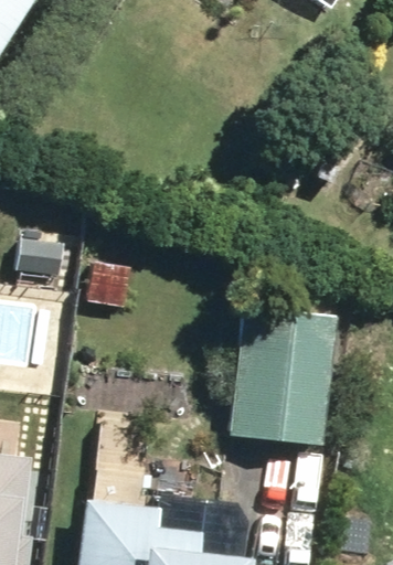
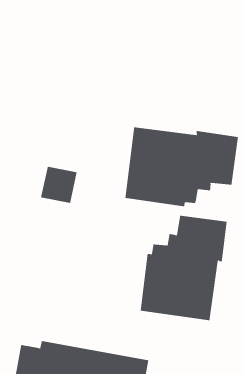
building: none -> [125,126,239,207]

